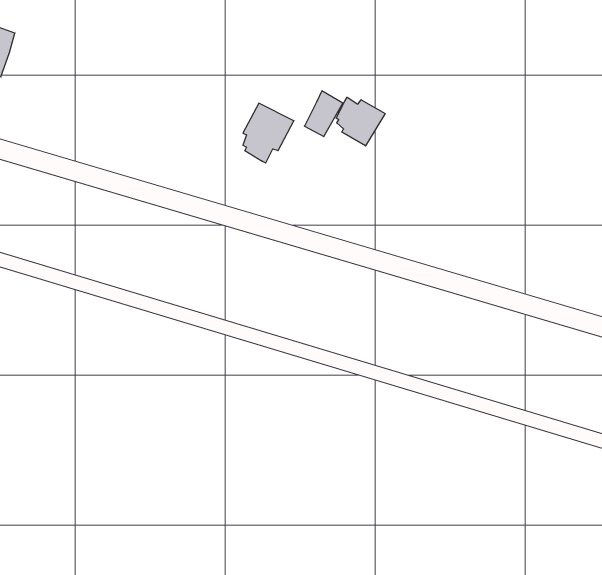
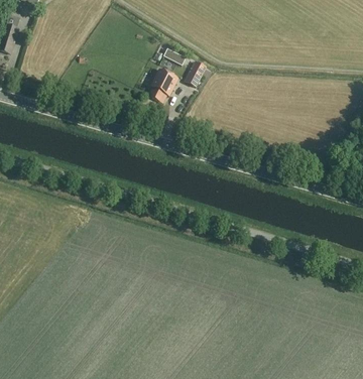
building: [336,97,385,146] -> none

